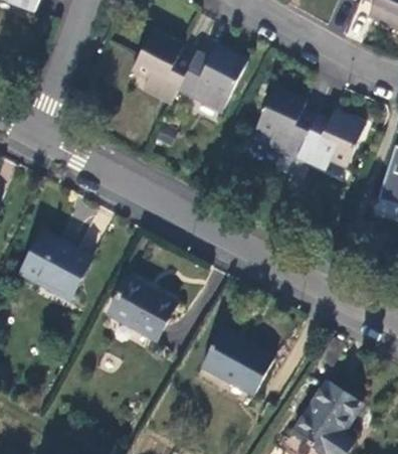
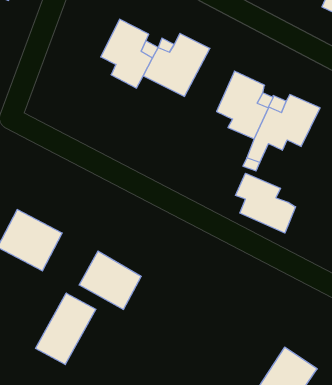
building: none -> [235,173,296,233]
building: none -> [36,293,96,365]
building: [200,330,273,396] -> none

